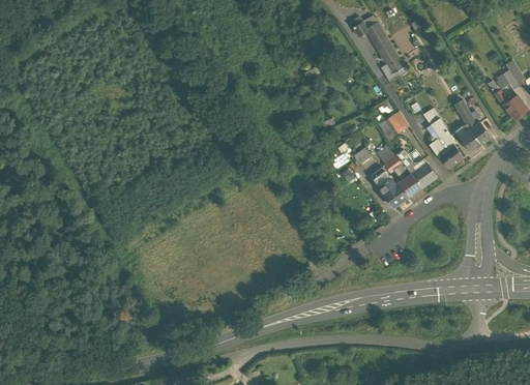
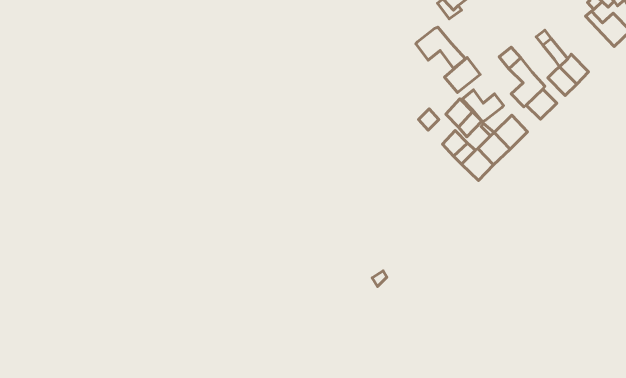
building: none -> [416,27,466,68]
building: none -> [462,90,504,122]

